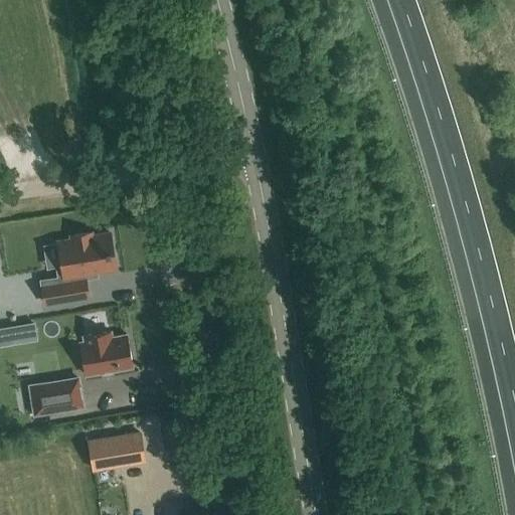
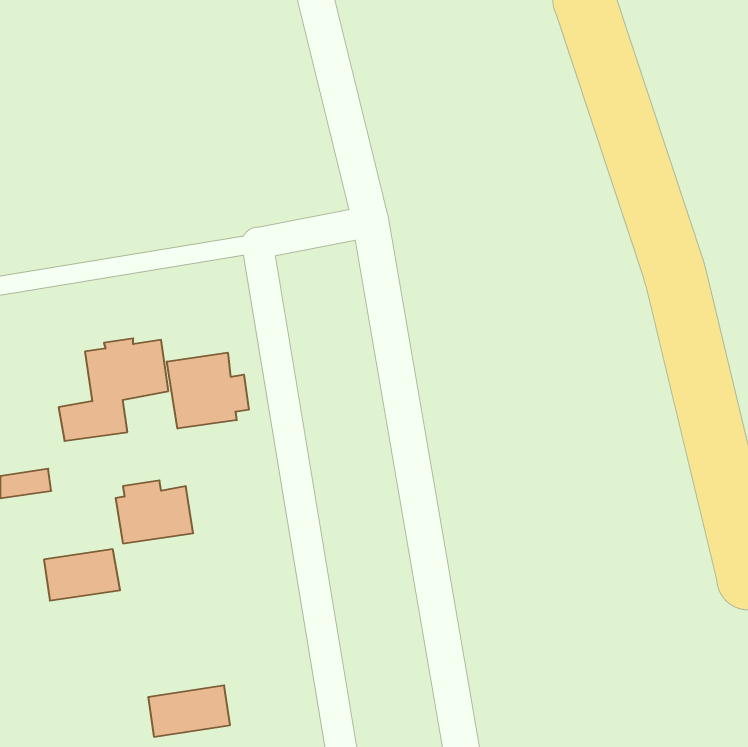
building: none -> [167,353,249,429]
building: [89,434,145,469] -> [148,685,230,737]

